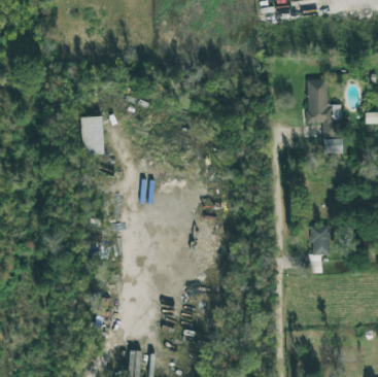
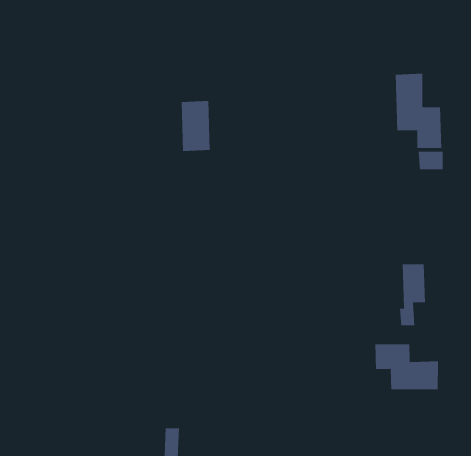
building: [81,115,104,155] -> [181,100,210,151]
building: none -> [375,344,438,390]

